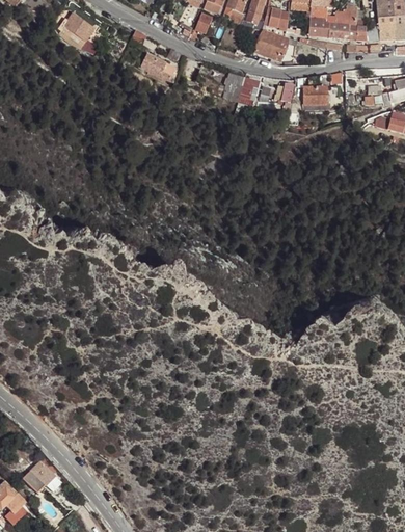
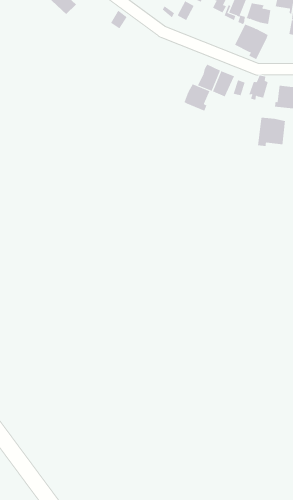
building: [141,52,177,83] -> none
building: none -> [184,84,210,112]
building: none -> [258,117,285,147]

